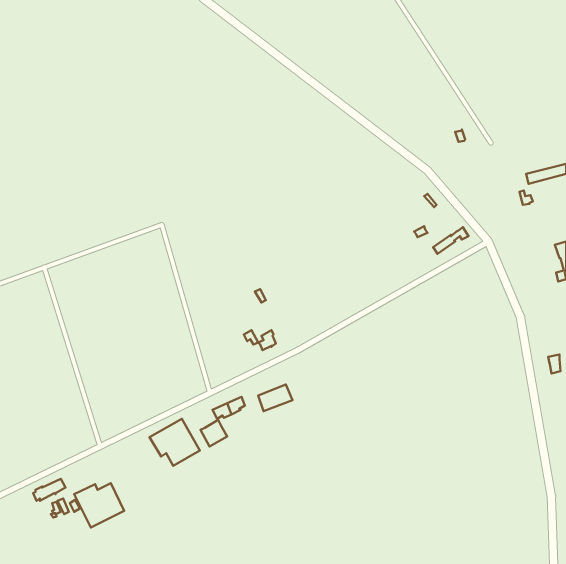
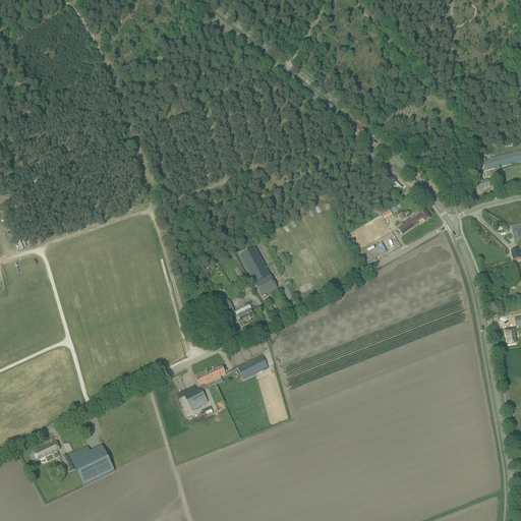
building: none -> [239,245,279,298]
building: [150,419,200,466] -> none

